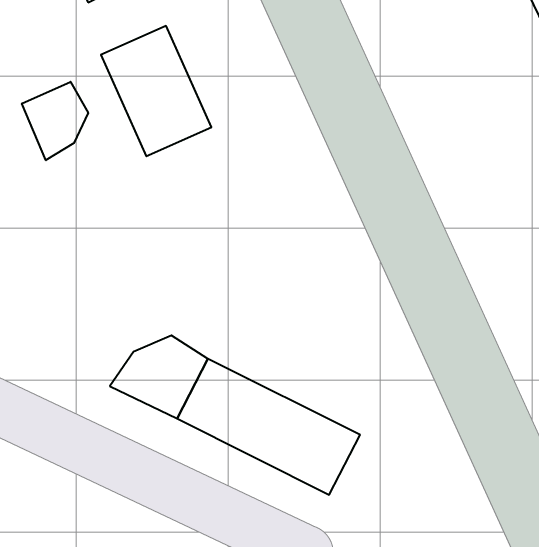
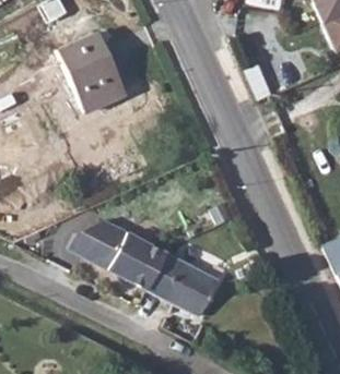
building: [22,82,88,160] -> none

